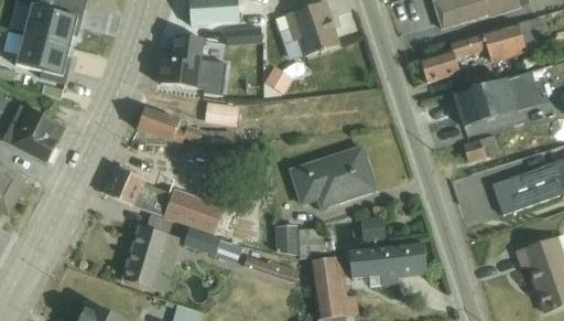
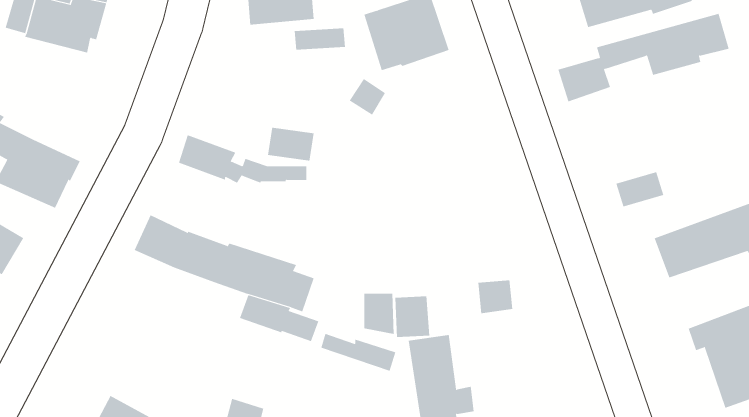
building: [15,34,72,84] -> none
building: [161,35,226,95] -> none
building: [455,73,539,127] -> none
building: [289,147,375,206] -> none
building: [122,224,180,292] -> none
building: [348,243,426,286] -> none

